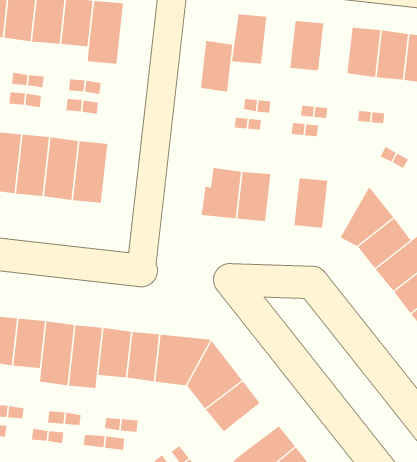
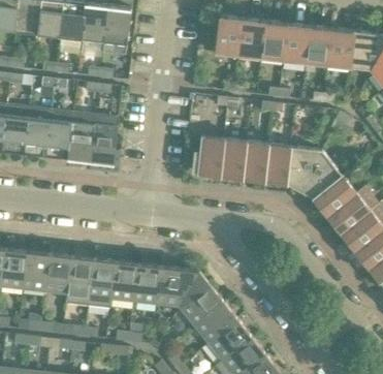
building: none -> [283,24,309,63]
building: [200,41,233,92] -> [238,19,264,59]
building: none -> [242,142,267,182]
building: none -> [286,147,322,191]
building: none -> [209,320,252,361]

